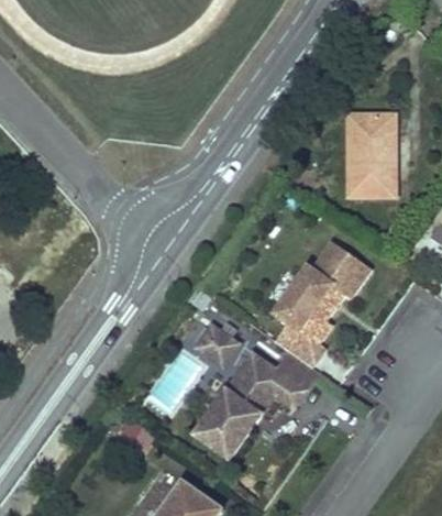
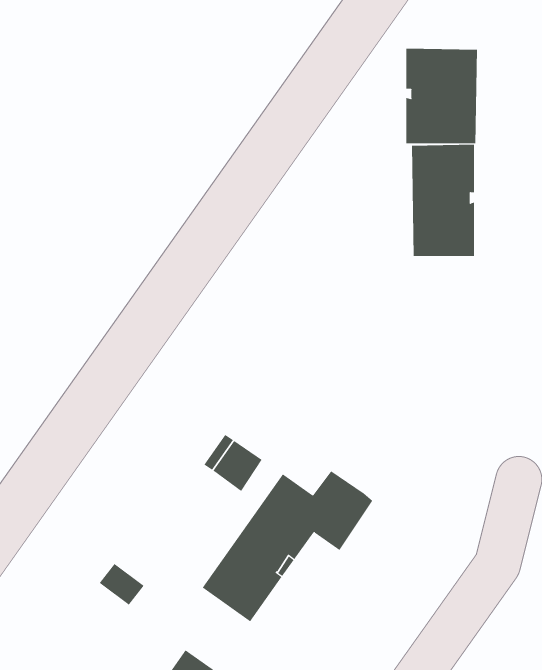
building: none -> [406,48,478,144]
building: [276,241,371,366] -> none

